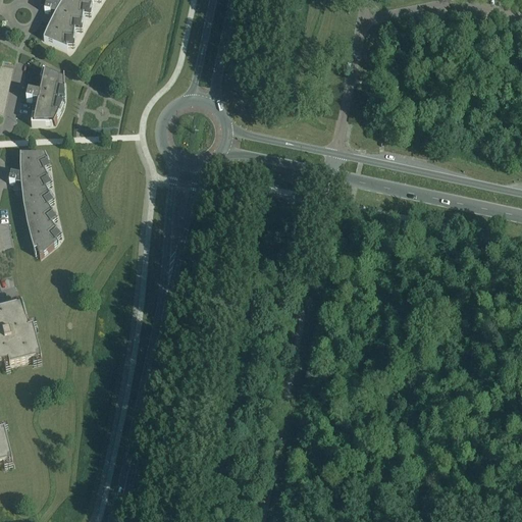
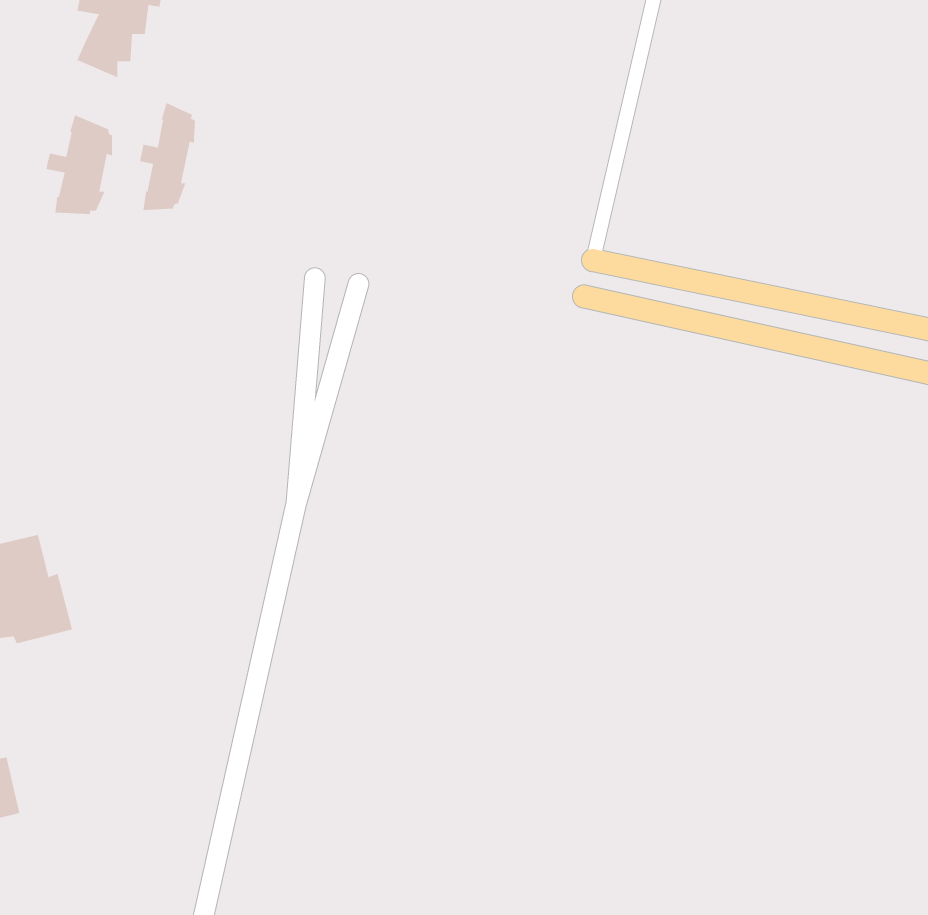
building: none -> [139,102,195,211]
building: [8,149,57,255] -> none

